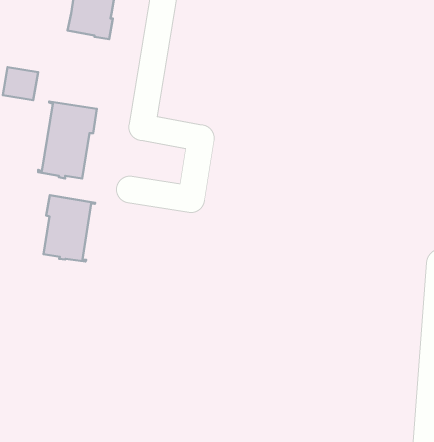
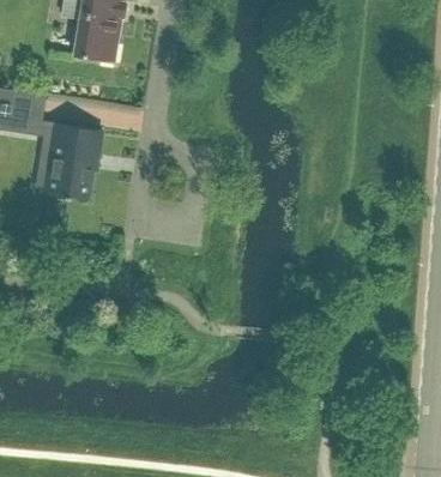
building: [44,195,95,262] -> none

